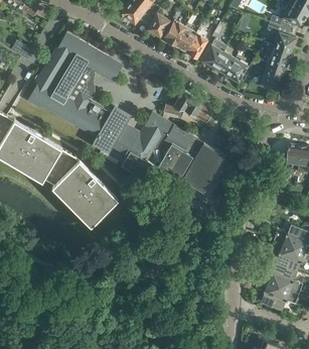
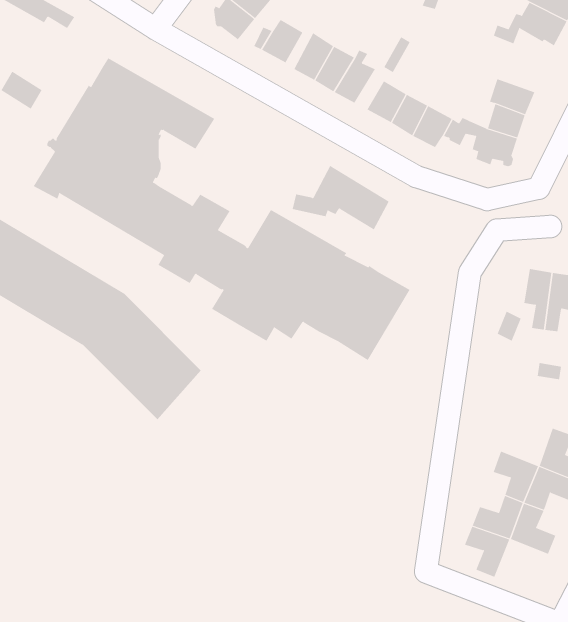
building: [268,22,295,51] -> none
building: [273,224,300,248] -> none
building: [270,286,298,311] -> none

